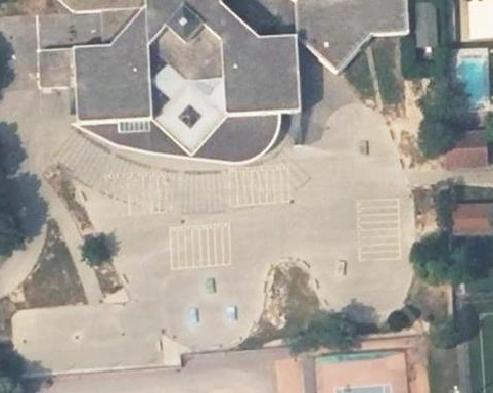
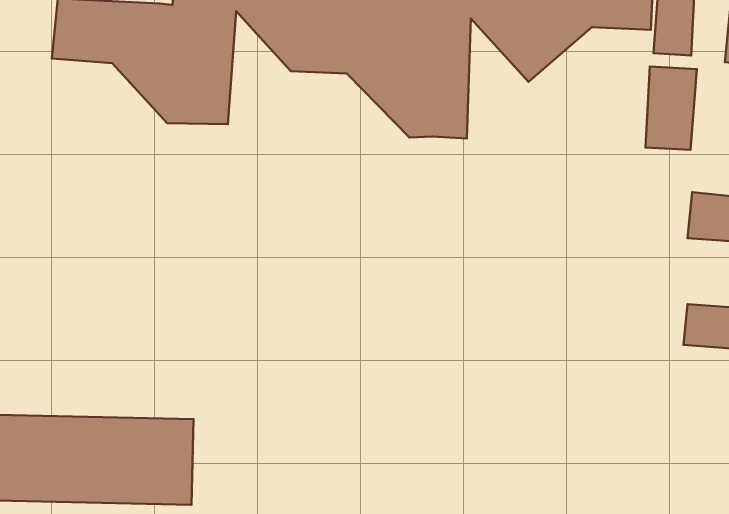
building: [77,47,280,158] -> none
building: none -> [645,67,697,150]

